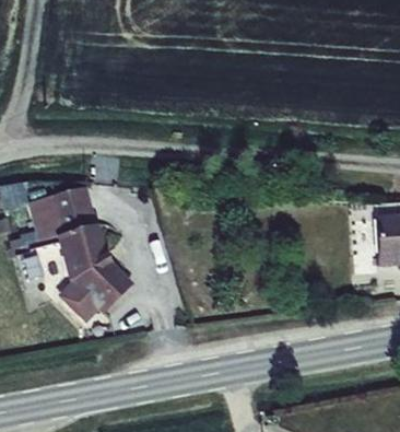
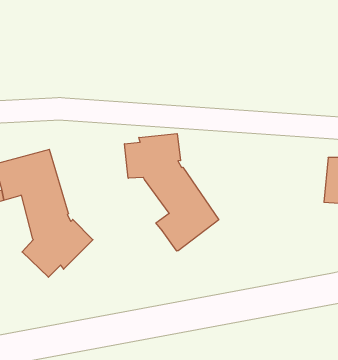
building: none -> [125,134,219,251]

